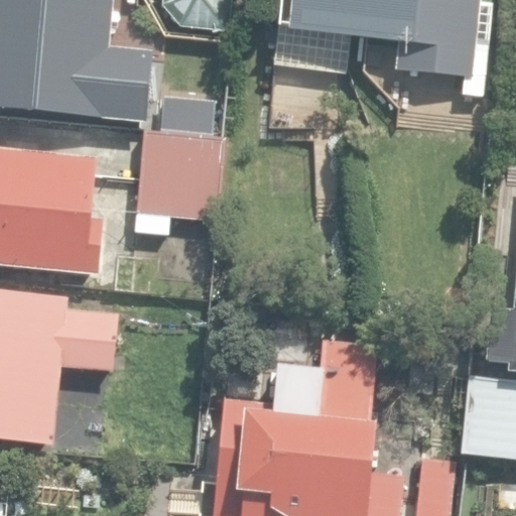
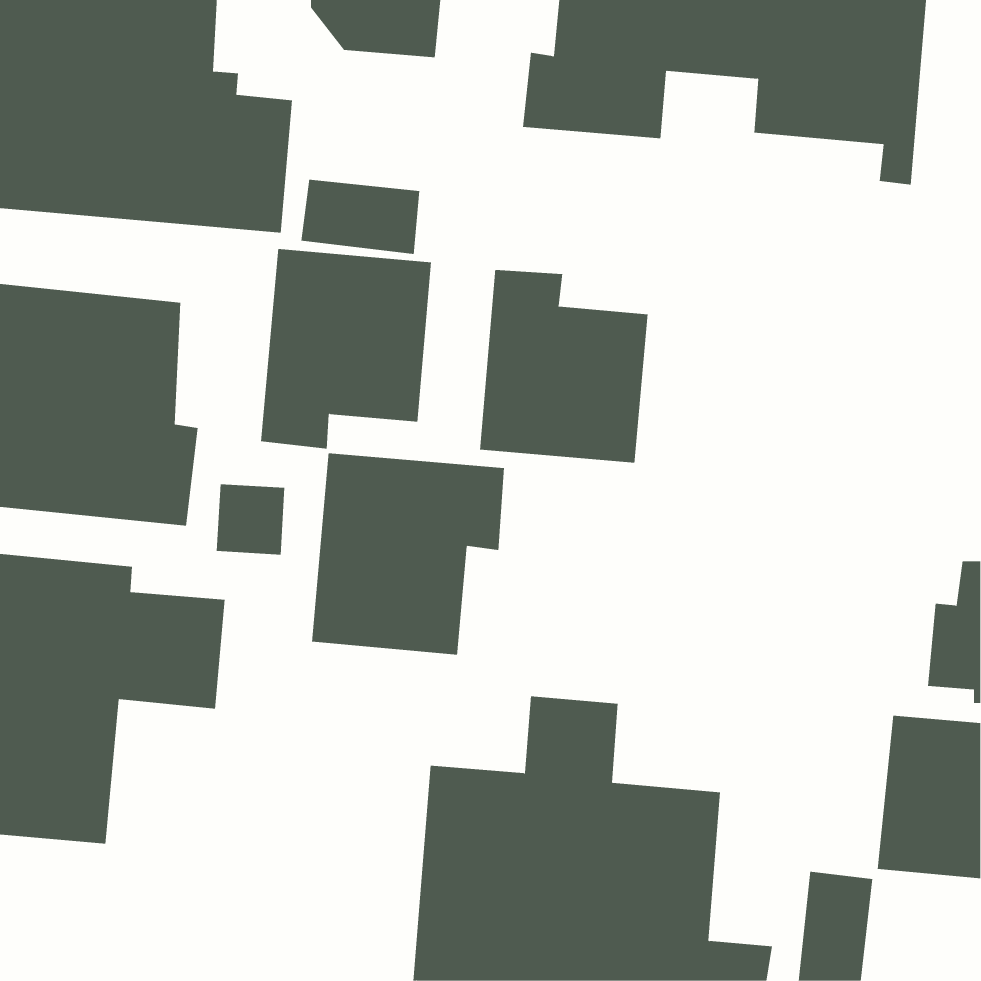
building: none -> [479,269,648,464]
building: none -> [312,453,504,656]

